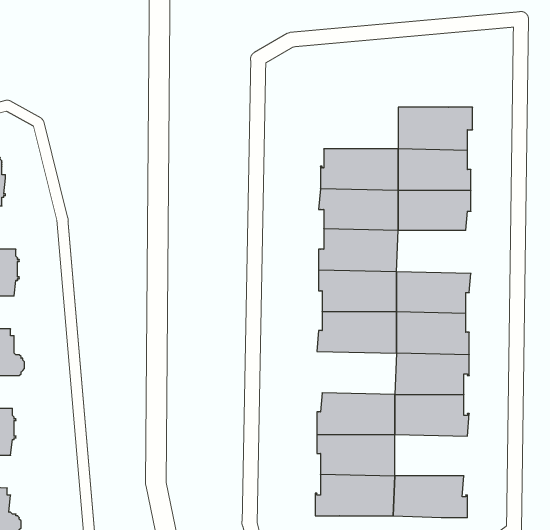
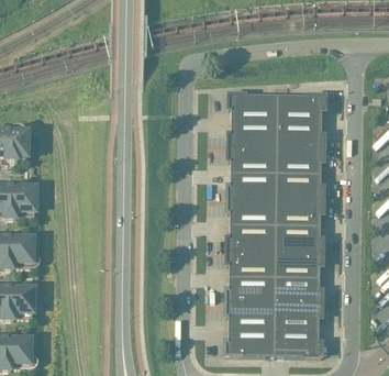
building: none -> [229,93,278,121]
building: none -> [277,173,324,200]
building: none -> [226,250,277,277]
building: none -> [276,302,322,329]

